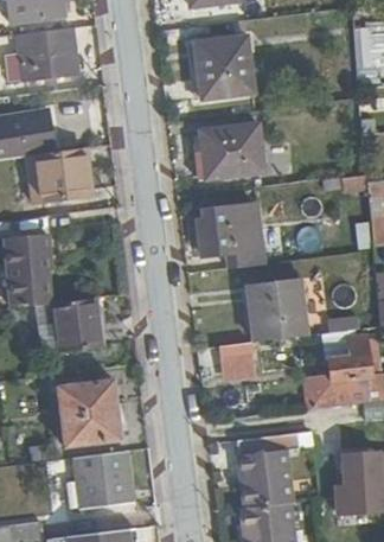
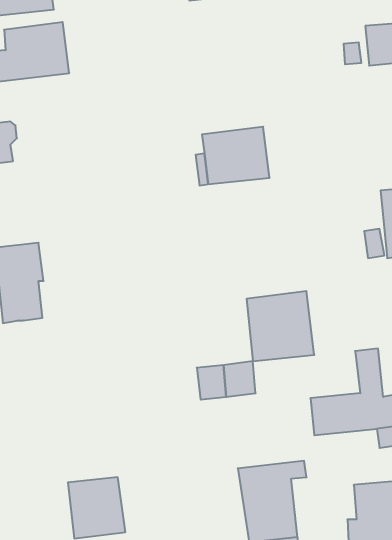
building: [196,37,255,98] -> none
building: [37,149,88,200] -> none
building: [192,202,263,268] -> none
building: [36,298,101,352] -> none
building: [57,380,121,447] -> none

